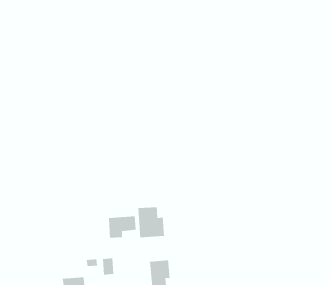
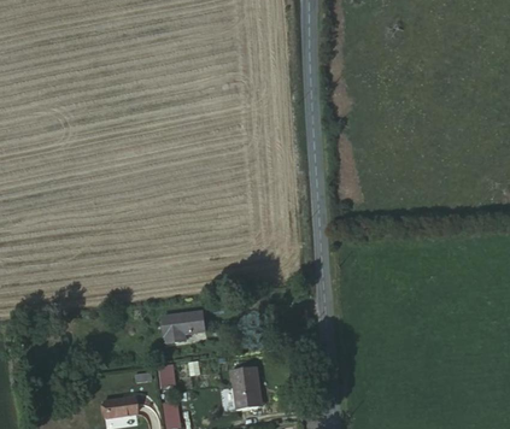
building: [138,207,164,238] -> none

